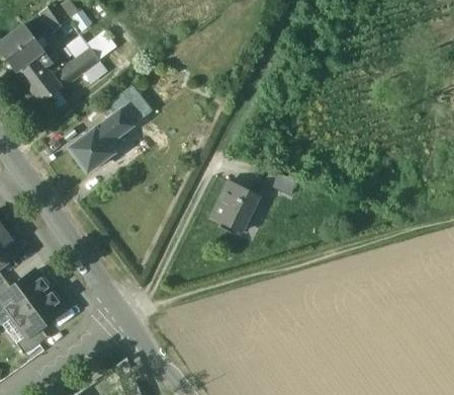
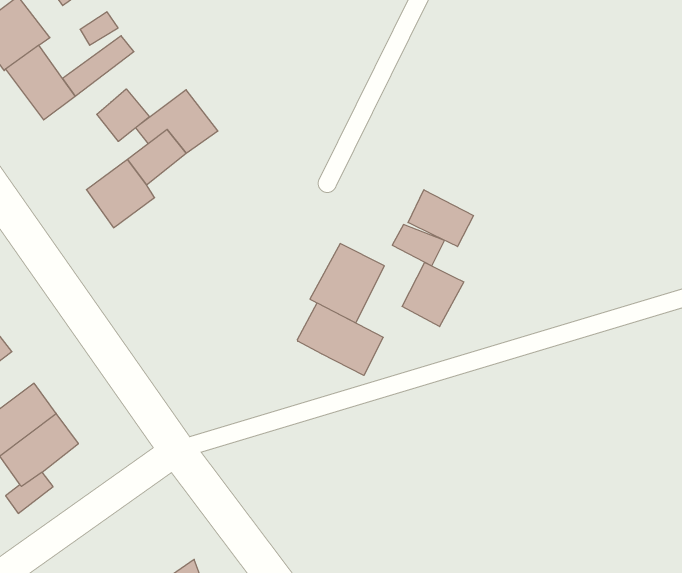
building: none -> [97,89,149,141]
building: none -> [408,190,473,247]
building: none -> [402,262,464,327]
building: none -> [297,303,383,375]

